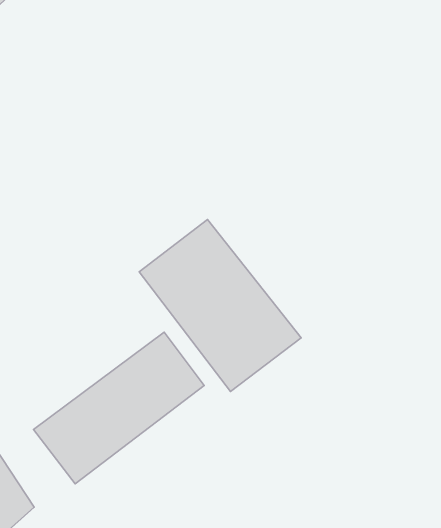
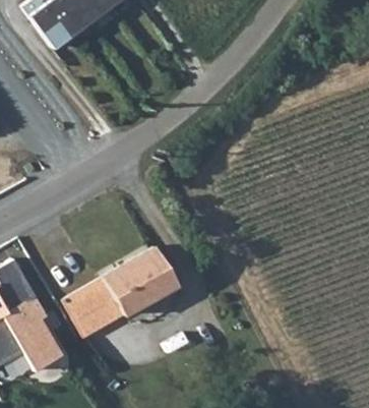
building: [139,219,301,391] -> none

